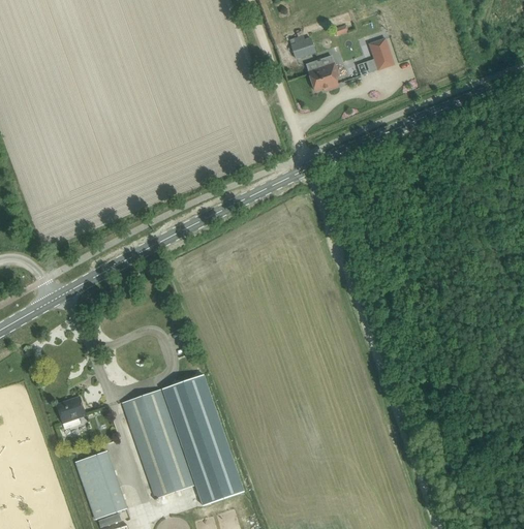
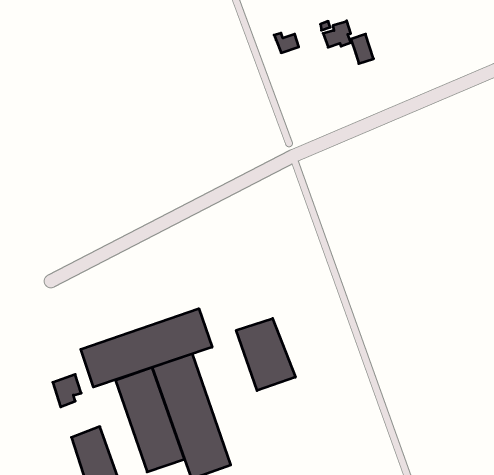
building: [309,62,338,90] -> [323,21,351,47]
building: none -> [81,309,212,387]
building: none -> [236,318,295,391]

